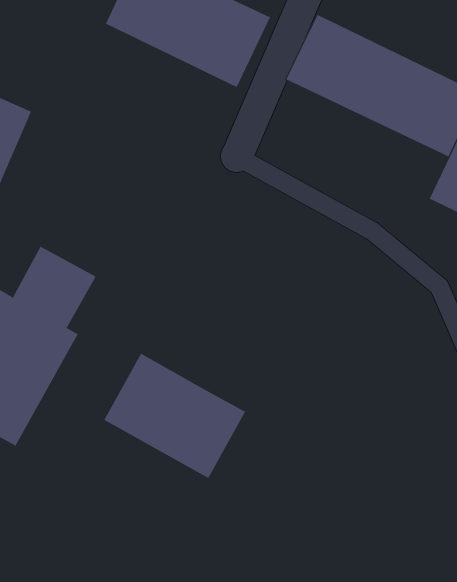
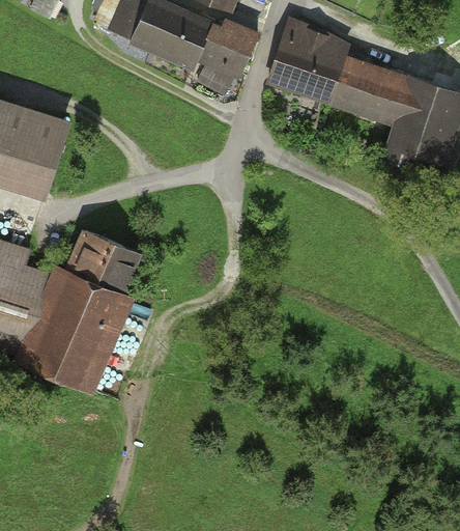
building: [103,353,246,479] -> none

